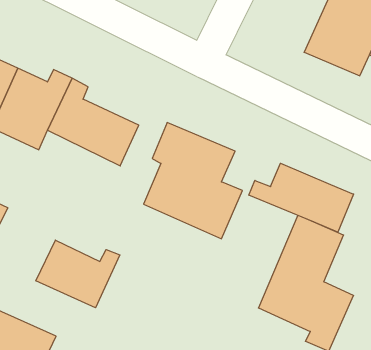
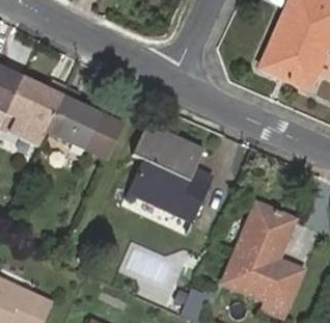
building: [249,163,354,232] -> none
building: [36,240,120,308] -> none

